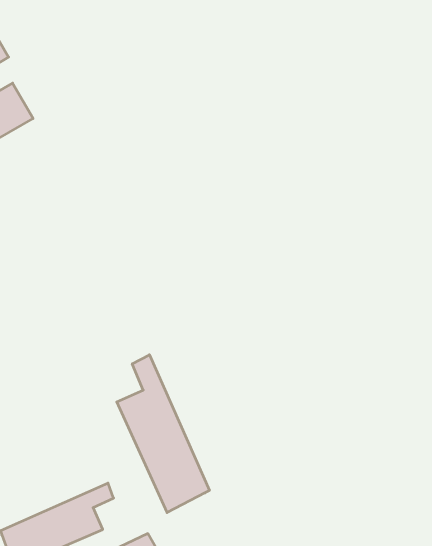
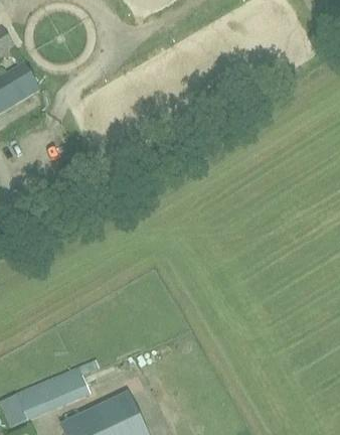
building: [117,355,209,513] -> none

